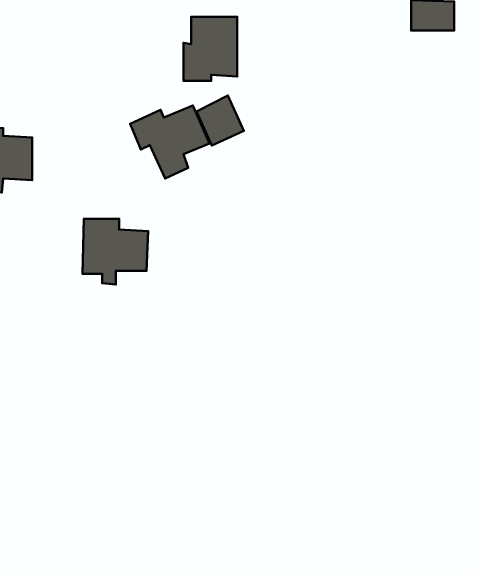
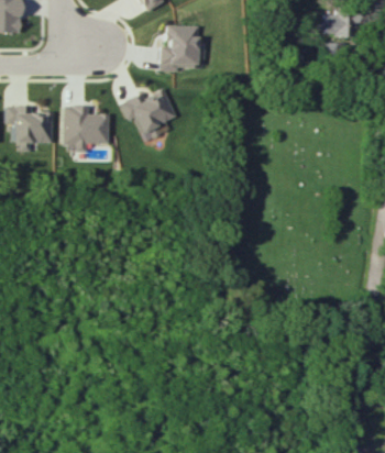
building: [197,95,244,145] -> none
building: [82,219,148,285] -> [62,107,109,154]

